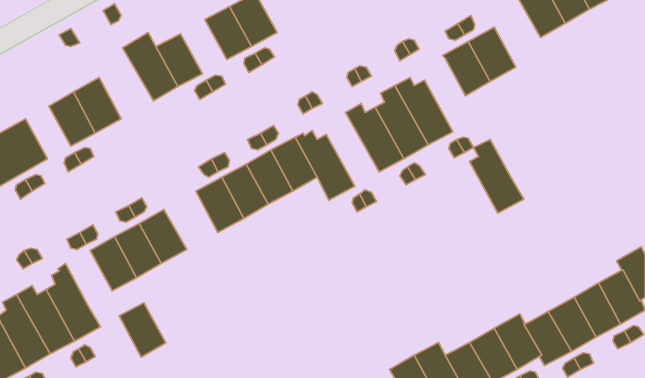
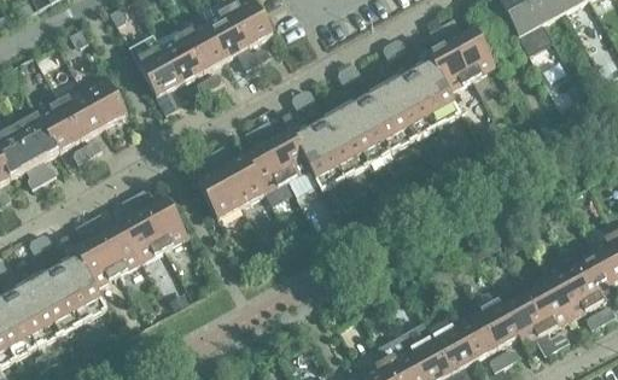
building: none -> [182,22,226,72]
building: none -> [37,103,80,152]
building: none -> [319,109,368,177]
building: [470,140,524,213] -> [410,58,461,127]
building: [119,303,166,357] -> [75,238,118,288]

